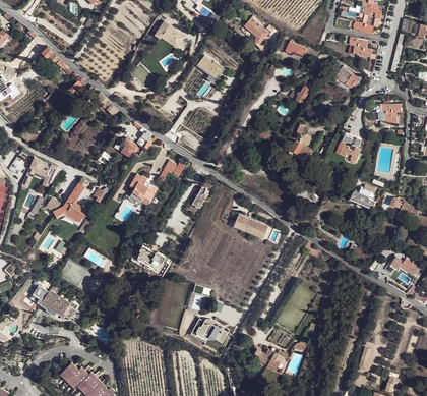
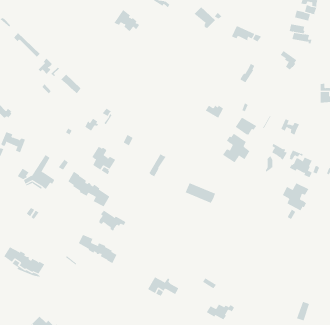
building: none -> [222,133,250,163]
building: none -> [68,171,110,207]
building: none -> [282,182,309,211]
building: none -> [78,234,117,264]

